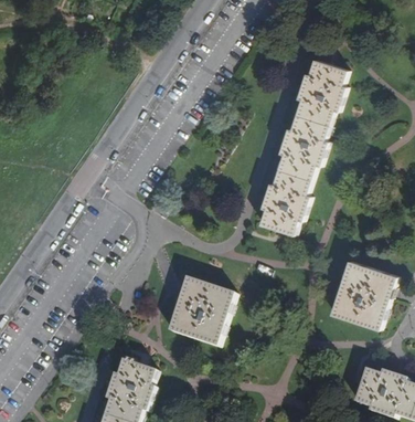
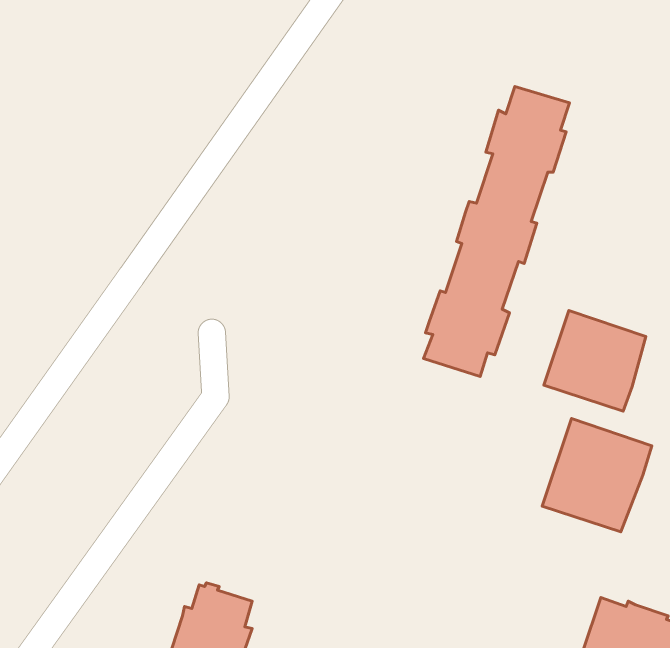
building: none -> [544,310,646,411]
building: [170,277,235,346] -> none

